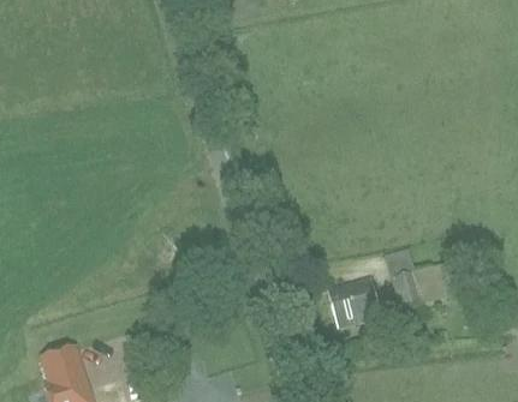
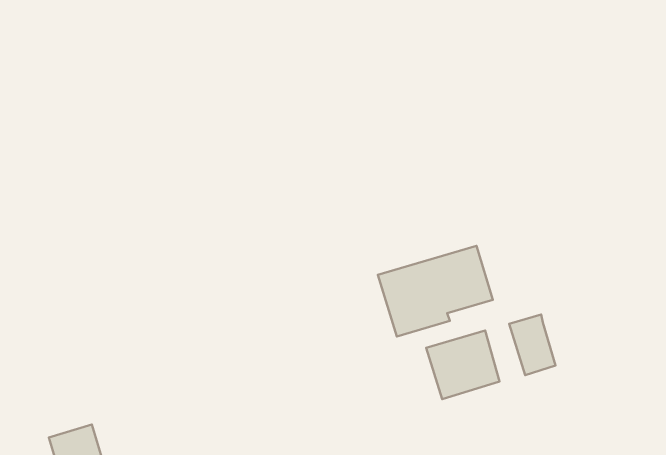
building: none -> [378,246,493,337]

